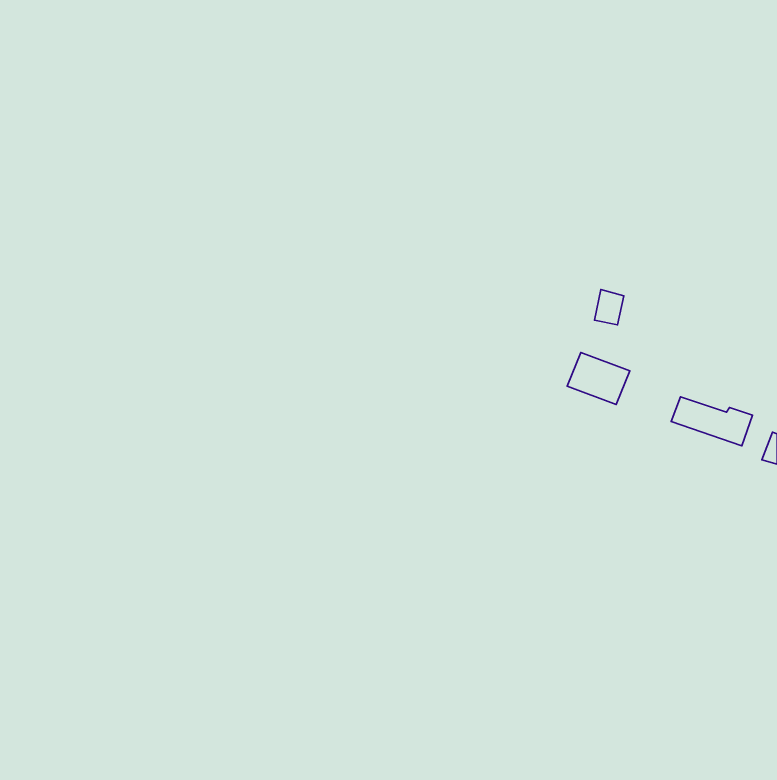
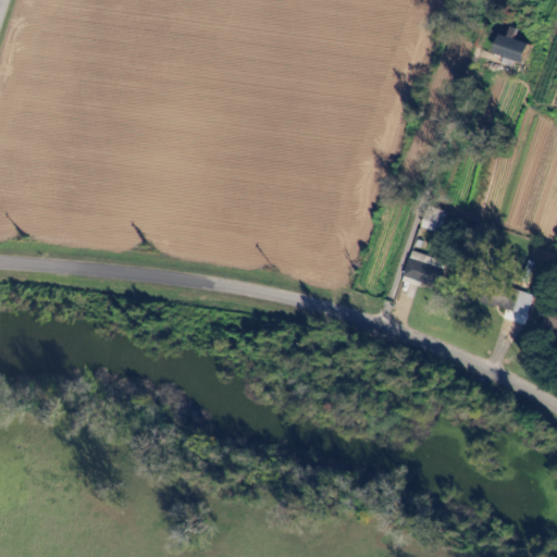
building: none -> [493,33,529,61]

